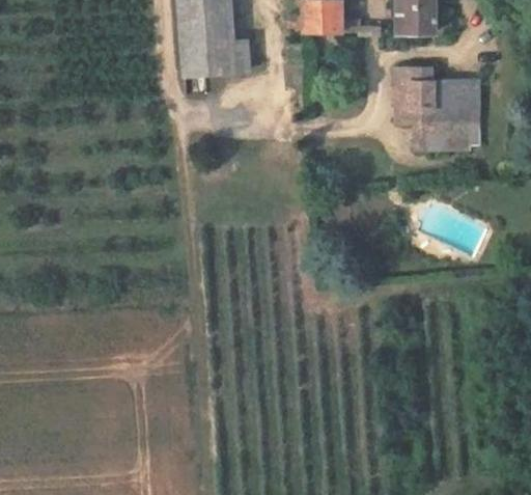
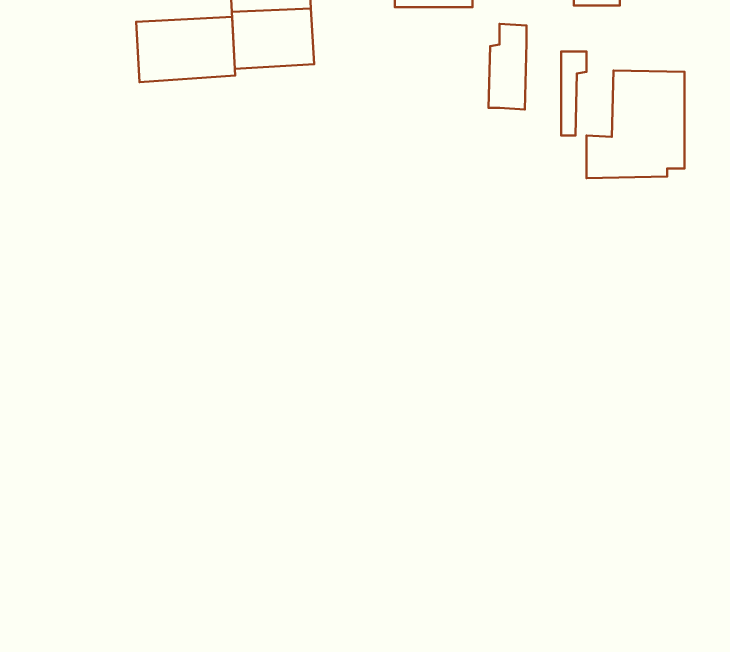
building: none -> [136,17,235,82]
building: [407,64,431,120] -> [489,24,527,109]

